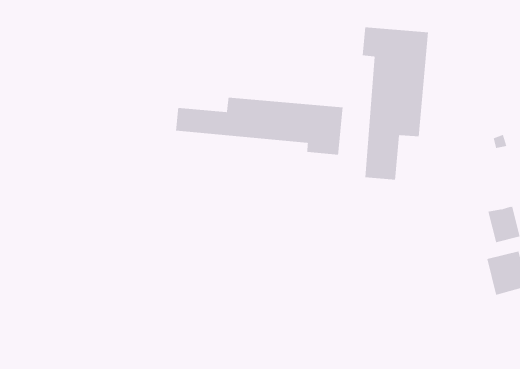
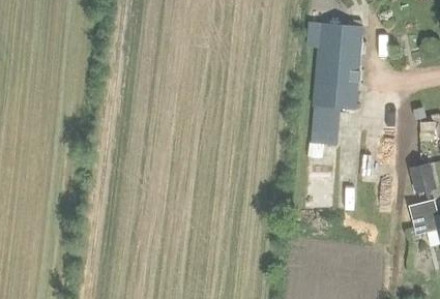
building: [175,97,343,155] -> none

